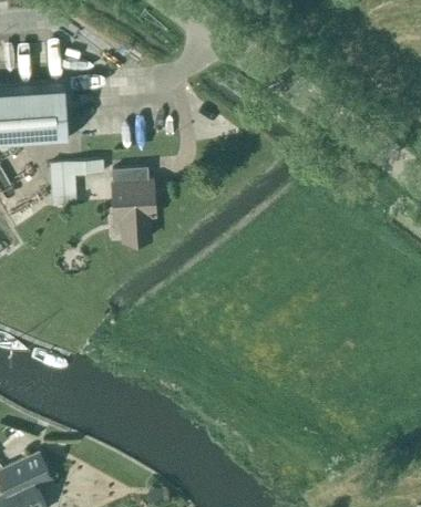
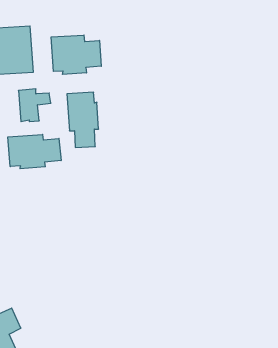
building: none -> [51,35,101,74]
building: none -> [8,134,61,169]

